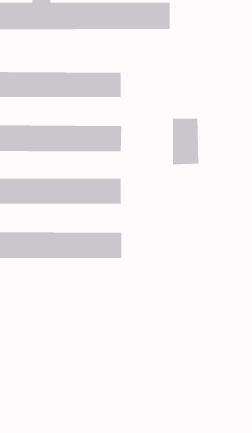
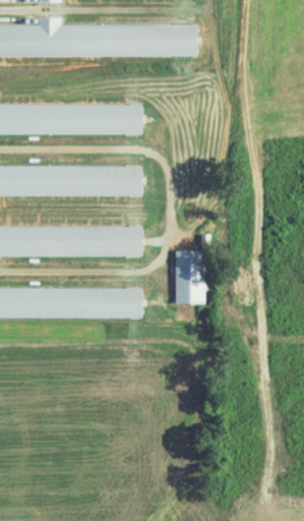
building: [172,118,199,165] -> [174,250,204,304]

